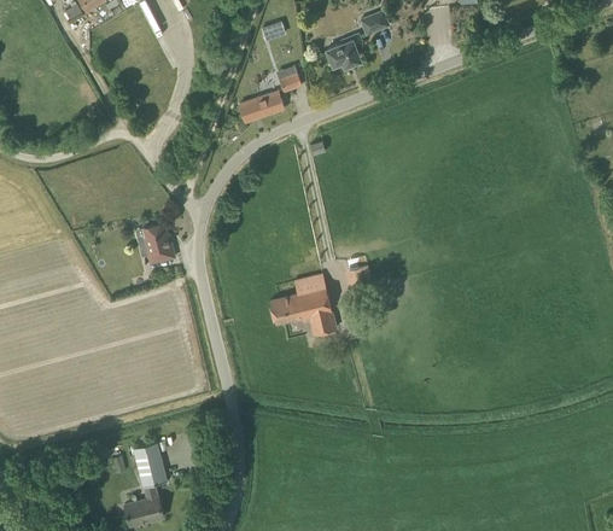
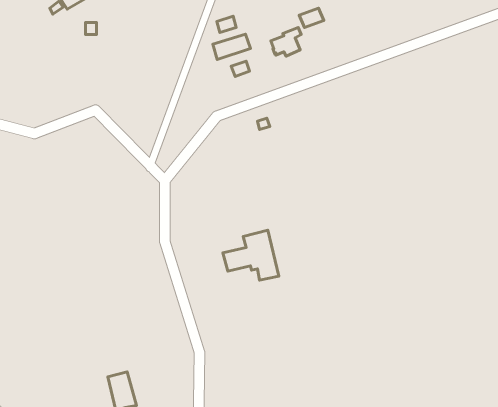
building: [239,92,284,122] -> [213,34,251,60]
building: [141,223,174,263] -> none

